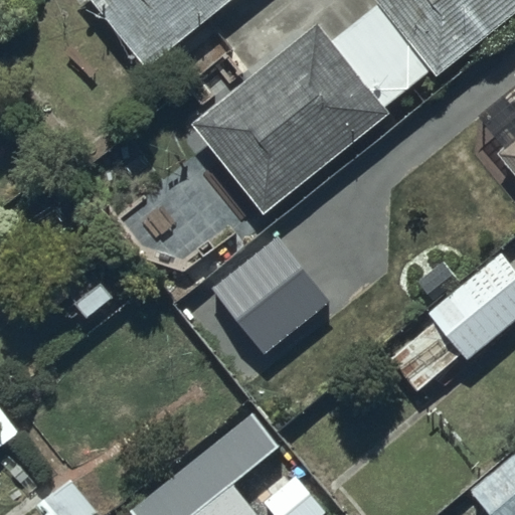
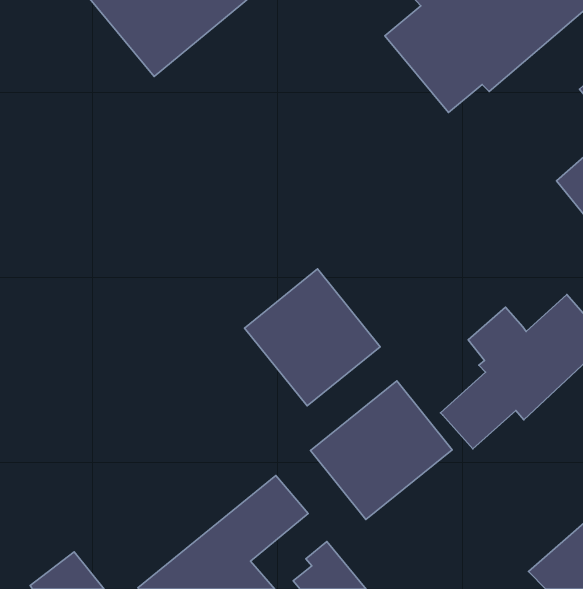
building: [187,28,396,219] -> none
building: none -> [311,381,452,519]

